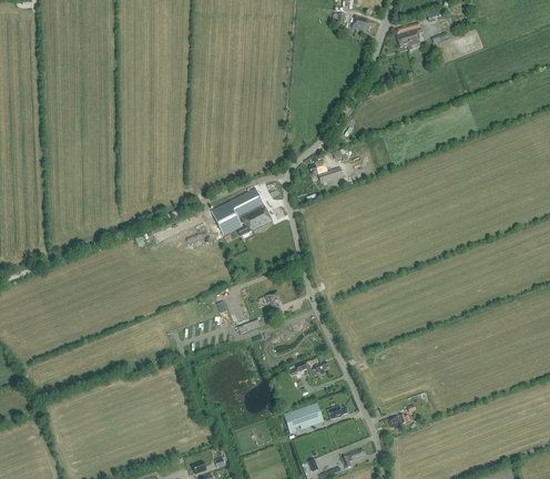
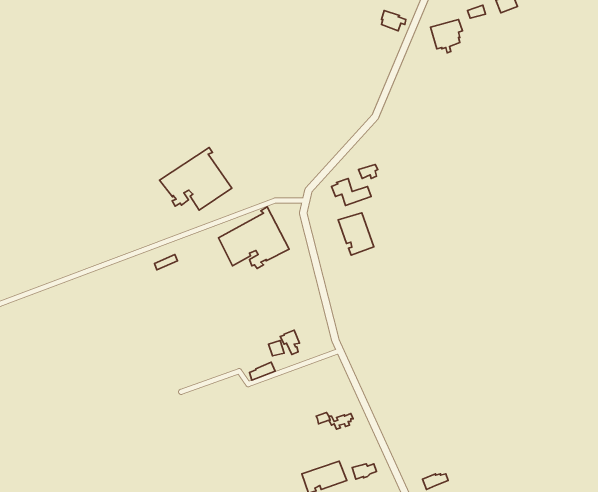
building: none -> [160,147,232,210]
building: none -> [338,213,374,255]

